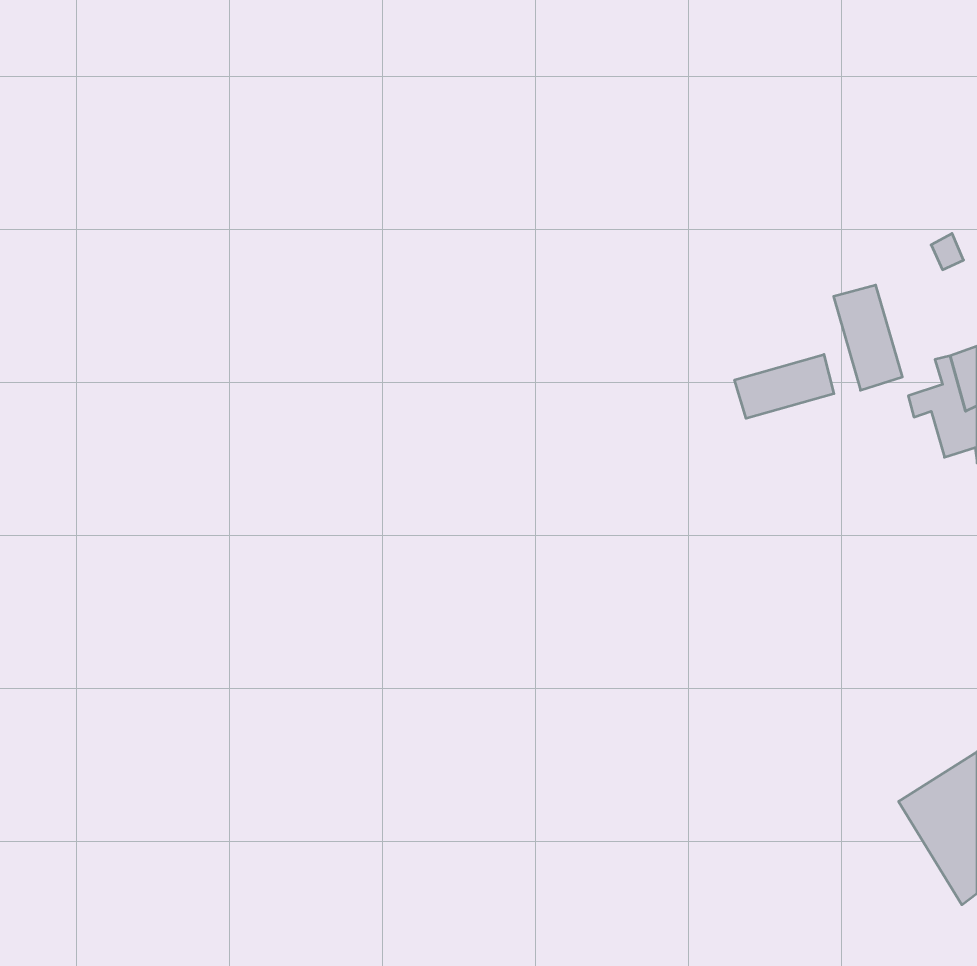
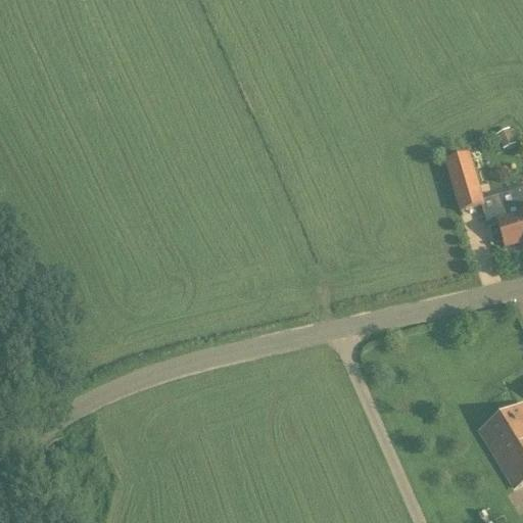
building: [735,354,834,418] -> none

